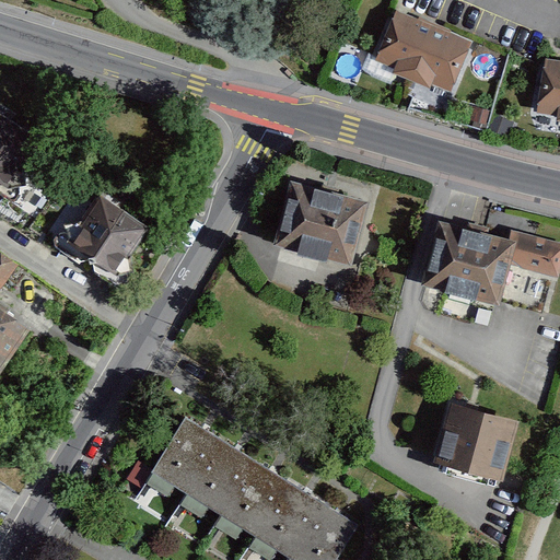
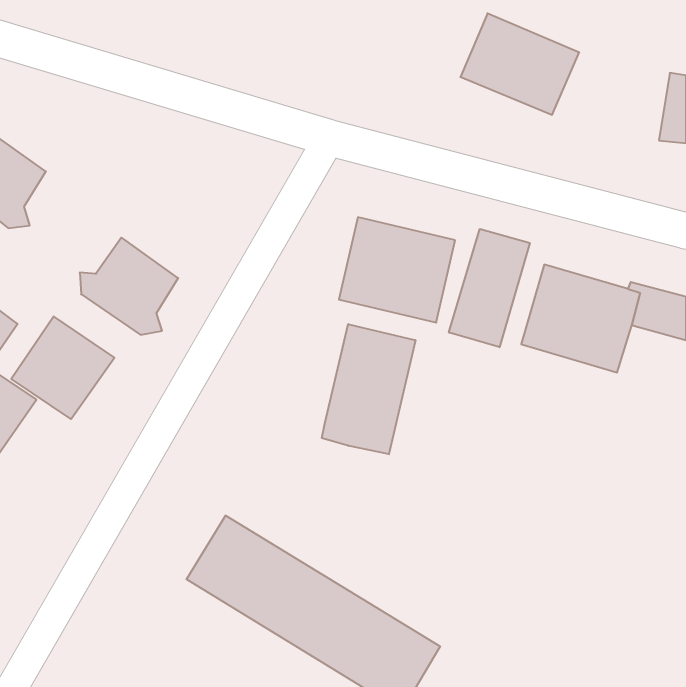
building: none -> [449,229,530,347]
building: none -> [11,316,114,419]
building: none -> [322,324,415,454]
building: [434,401,522,480] -> none

